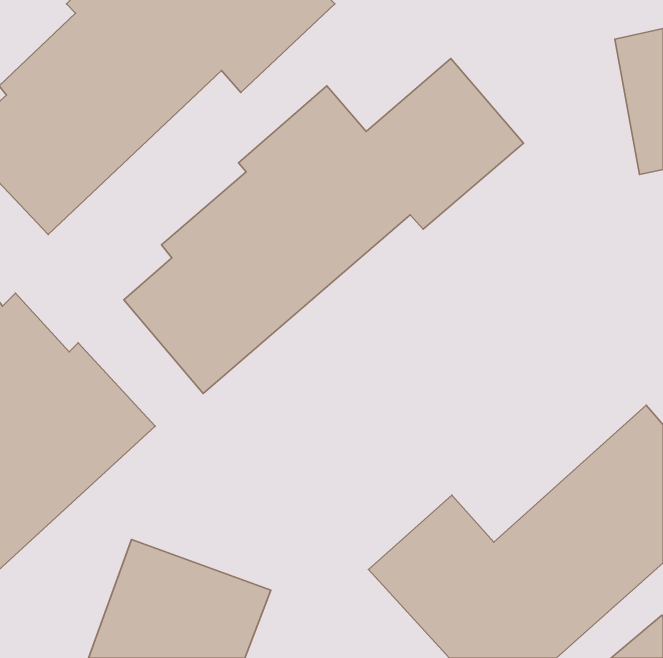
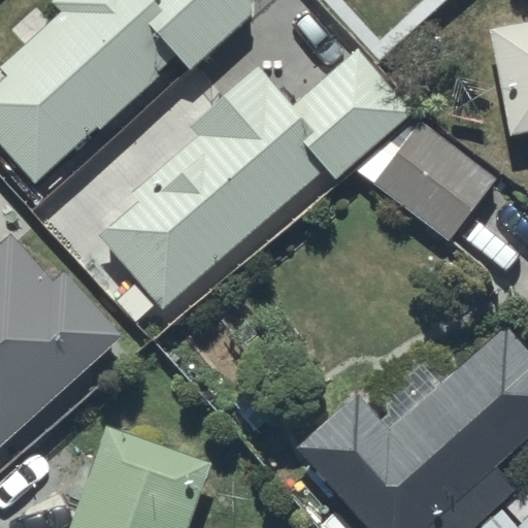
building: none -> [371,118,498,241]

